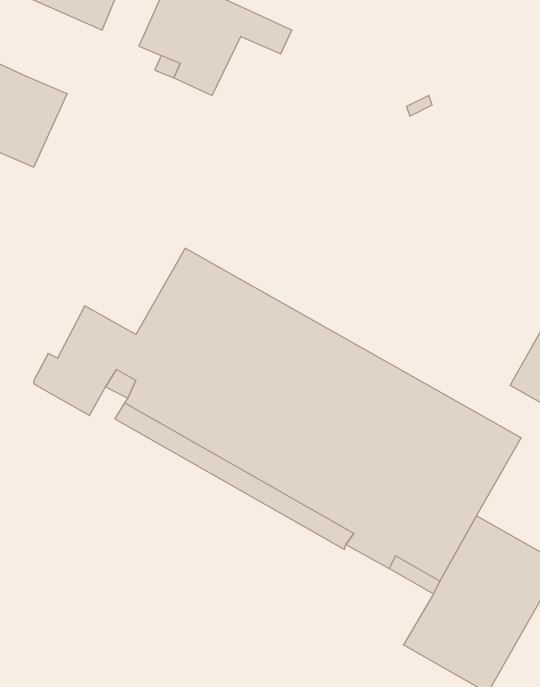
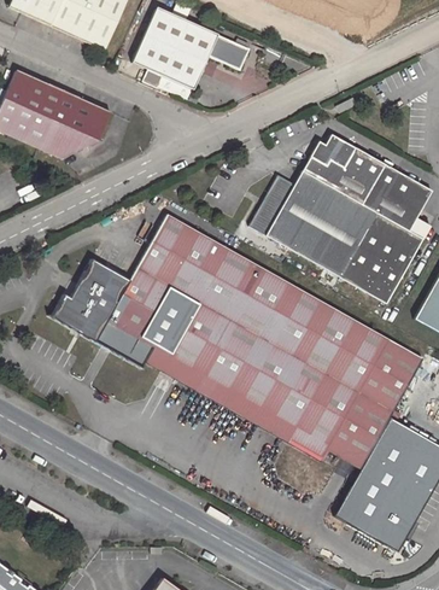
building: none -> [53,98,111,158]
building: none -> [250,134,431,304]

